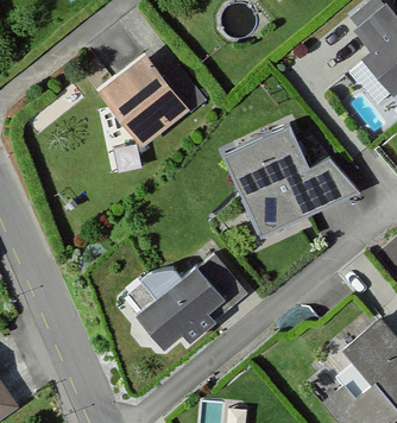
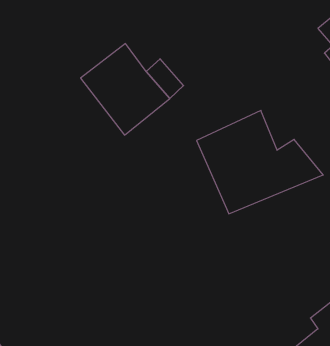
building: [125,255,244,354] -> none

